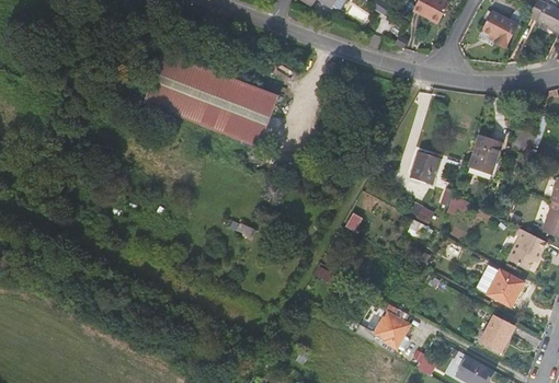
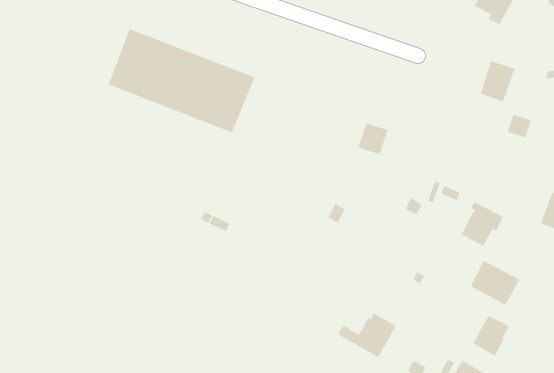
building: [469,135,502,173] -> [480,61,515,102]
building: [411,152,440,182] -> [357,123,388,155]
building: [507,227,547,268] -> [461,201,504,246]

